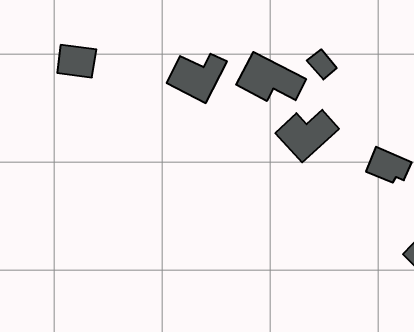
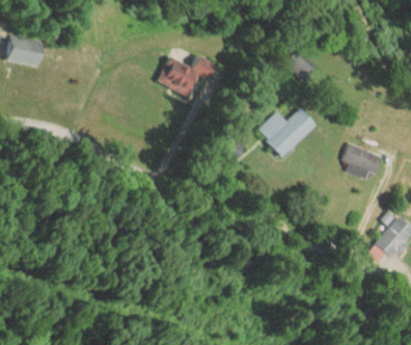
building: [57,45,96,77] -> [6,36,43,67]
building: [236,52,306,101] -> none

